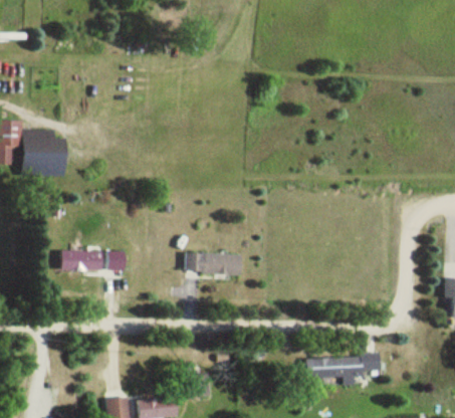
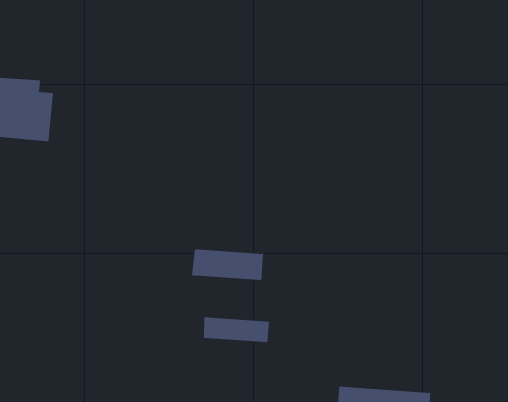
building: [62,251,124,272] -> none
building: none -> [203,317,269,343]

